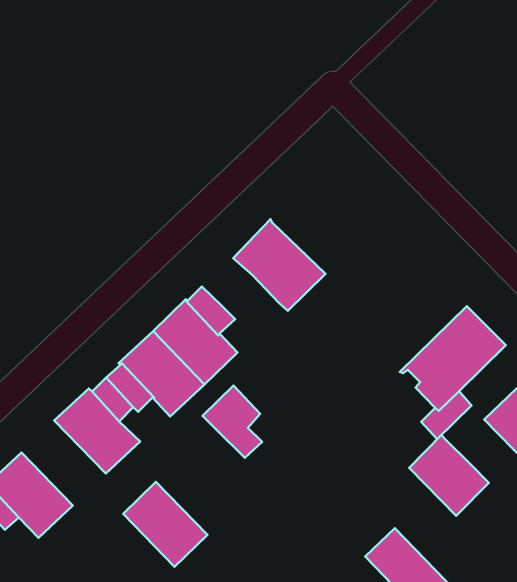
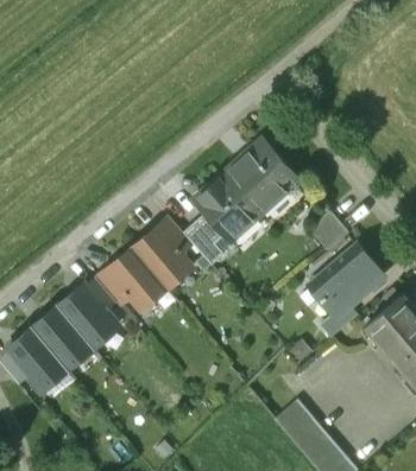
building: none -> [222,139,298,215]
building: none -> [309,211,348,250]
building: [202,386,262,458] -> [182,212,223,265]
building: [409,435,489,516] -> none
building: [123,482,207,567] -> [32,307,92,369]

